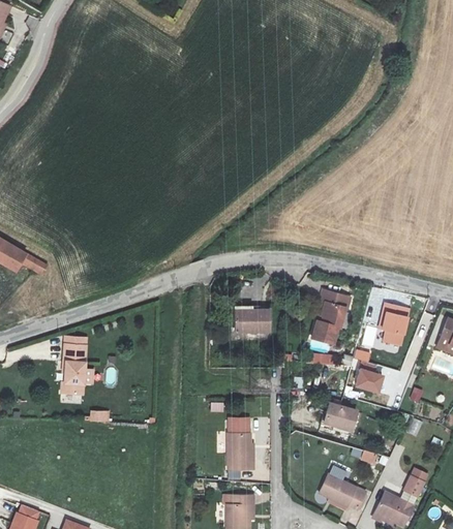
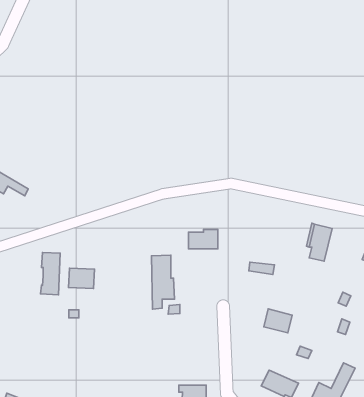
building: [305,292,343,345] -> none
building: [353,348,381,392] -> none
building: none -> [69,268,95,289]
building: [228,417,254,480] -> [151,255,174,309]

